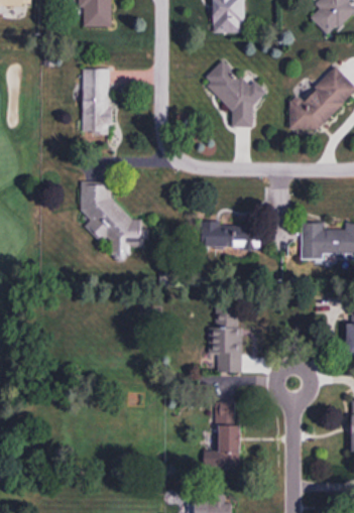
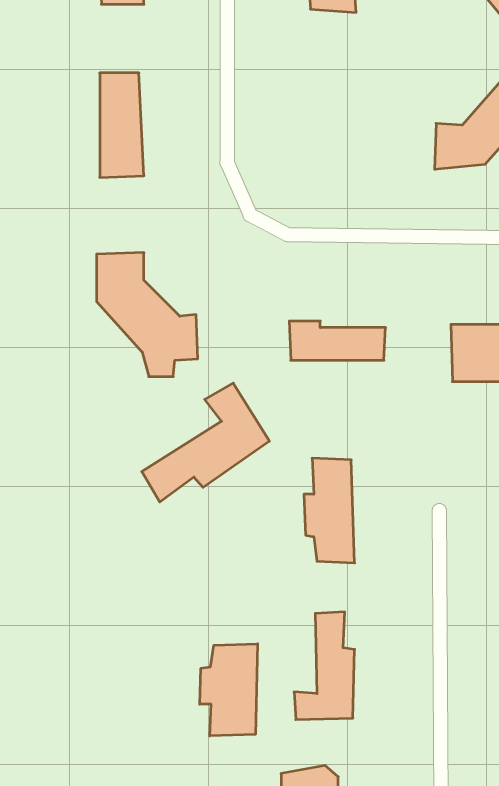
building: [207,61,263,125] -> none
building: none -> [142,383,269,502]
building: none -> [200,644,258,736]

